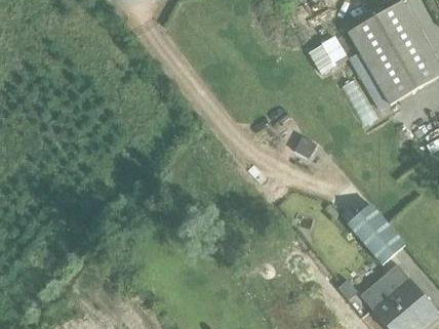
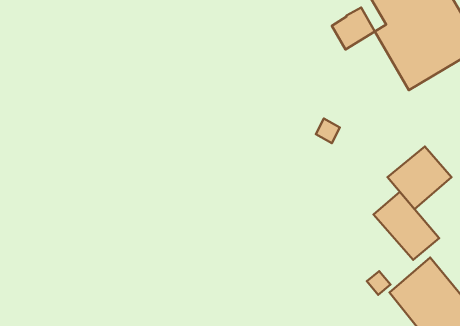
building: none -> [387,147,452,209]

